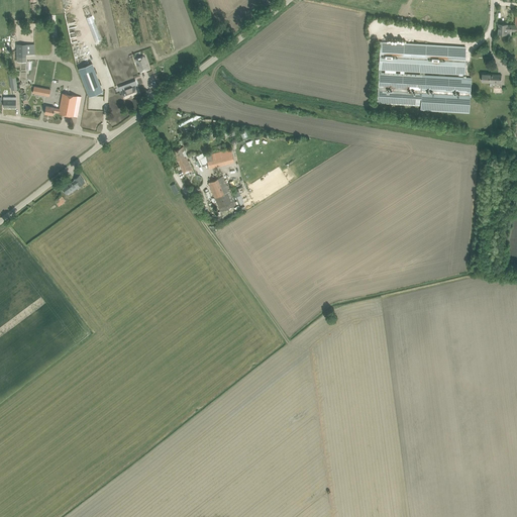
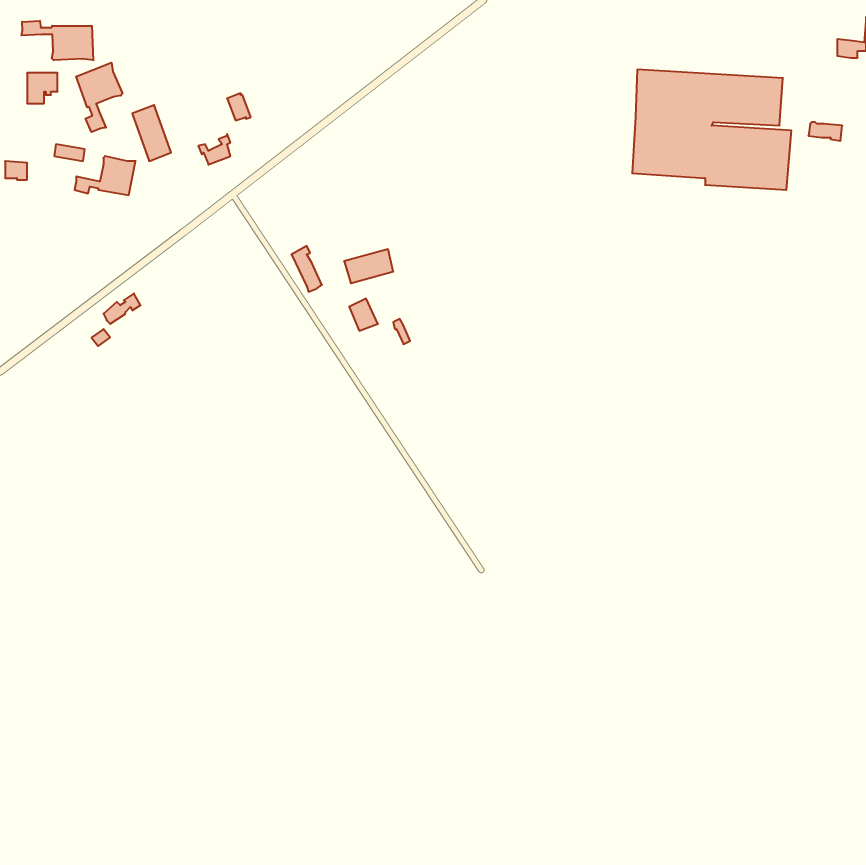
building: none -> [21,21,93,60]
building: none -> [76,63,122,132]

